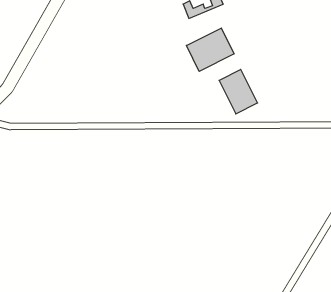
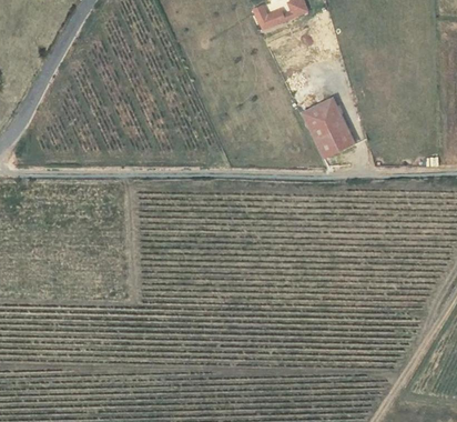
building: [186,28,234,71] -> none

